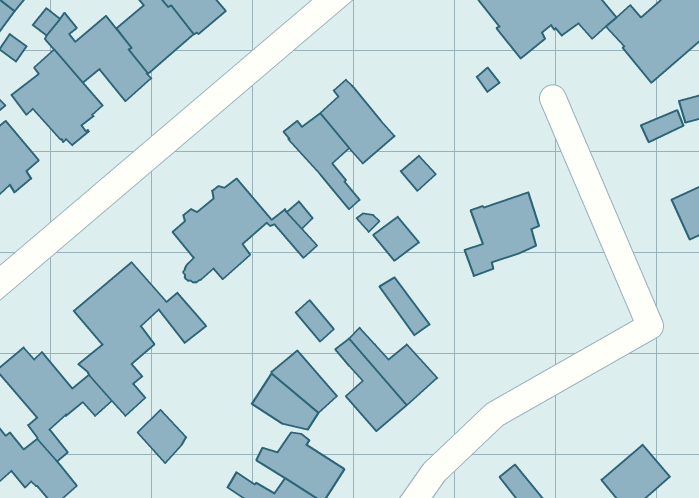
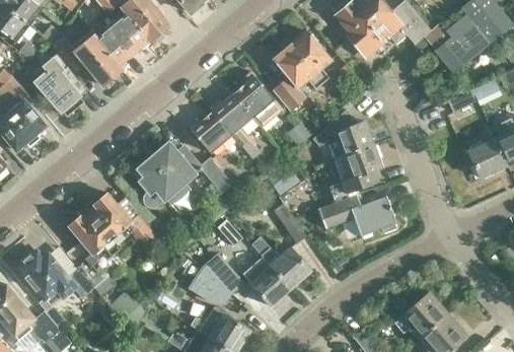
building: none -> [272,32,328,111]
building: none -> [311,111,371,159]
building: none -> [187,112,232,153]
building: none -> [317,195,394,235]
building: none -> [392,294,447,339]

